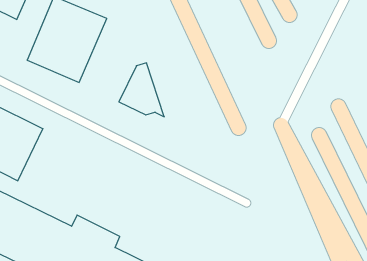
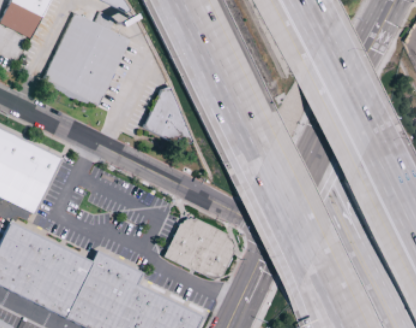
building: none -> [164,215,237,281]

